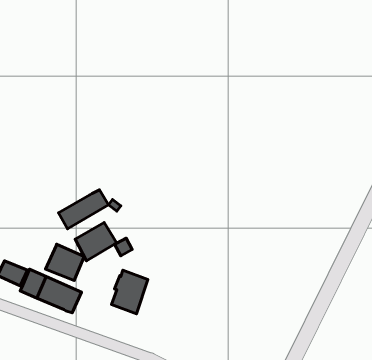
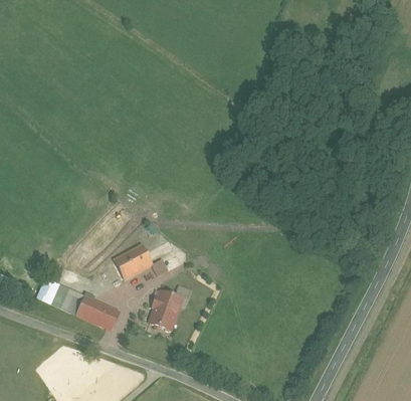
building: [59,190,108,229] -> none
building: [46,244,84,281] -> none

